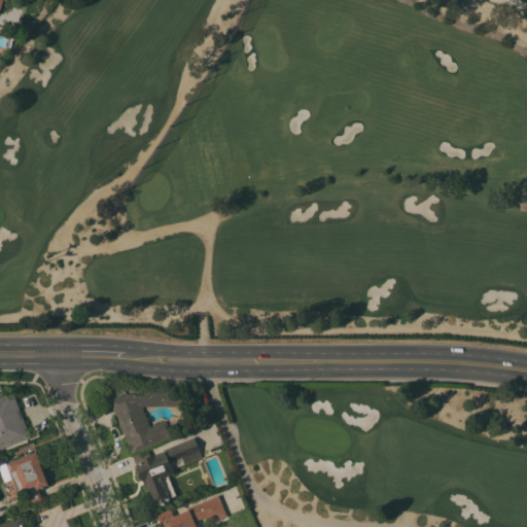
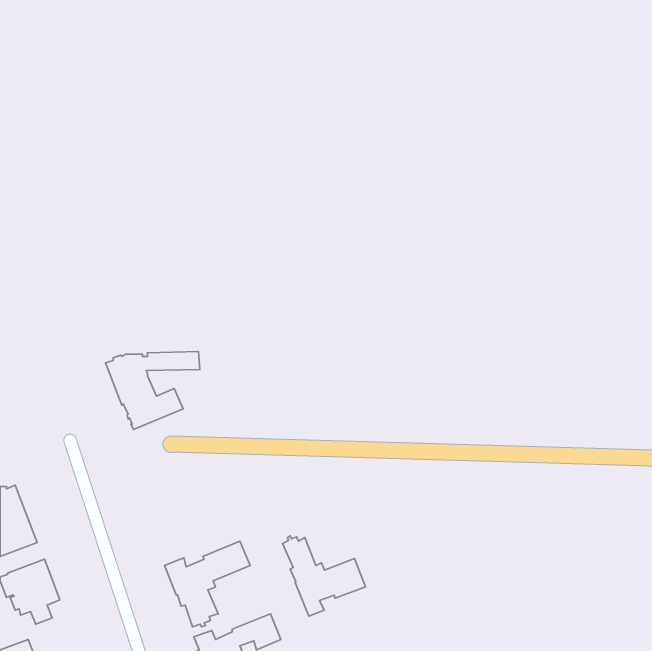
building: [109,391,185,454] -> [105,352,200,429]
building: none -> [283,536,365,616]

